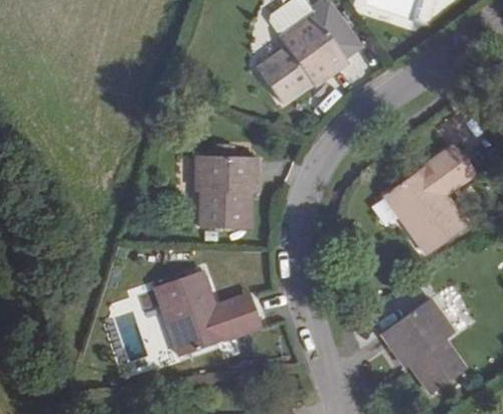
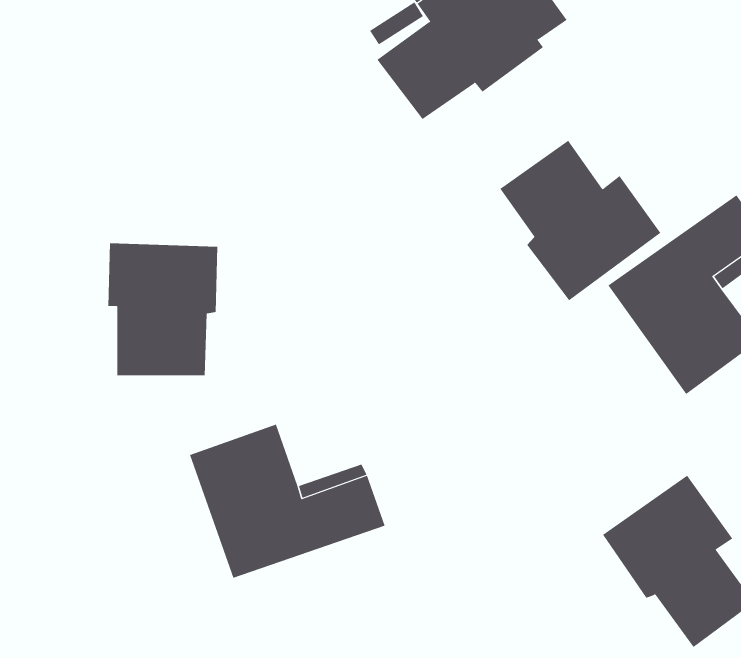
building: none -> [499,140,661,301]
building: [195,156,257,229] -> [107,243,218,376]

